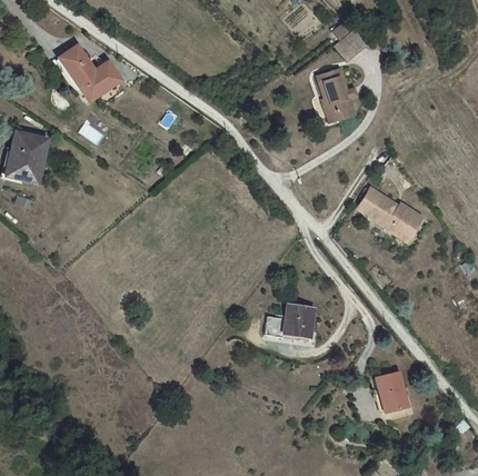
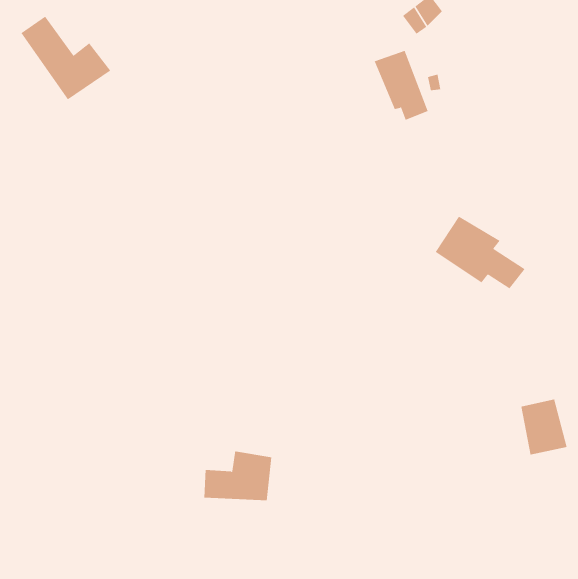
building: [261,304,310,339] -> [203,451,272,501]
building: [379,371,412,411] -> [521,399,567,455]

